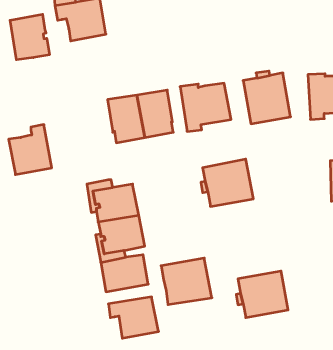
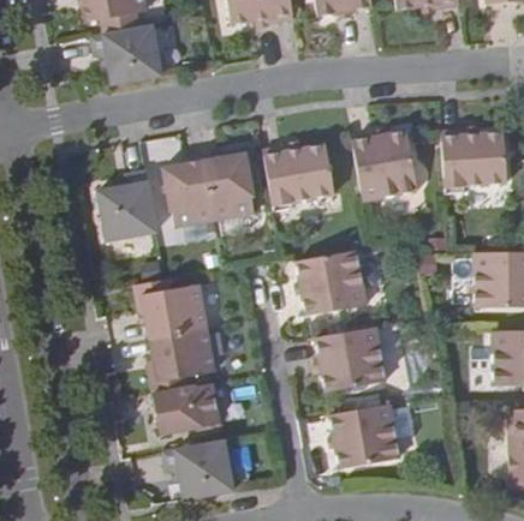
building: [10,14,49,60] -> none
building: [9,125,52,175] -> [95,169,155,239]
building: [161,258,212,305] -> [324,333,395,397]

